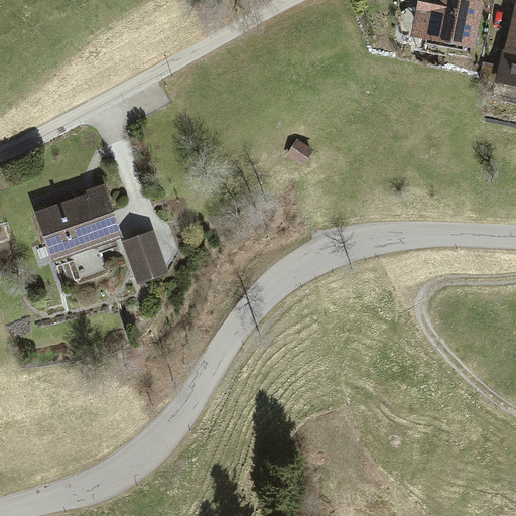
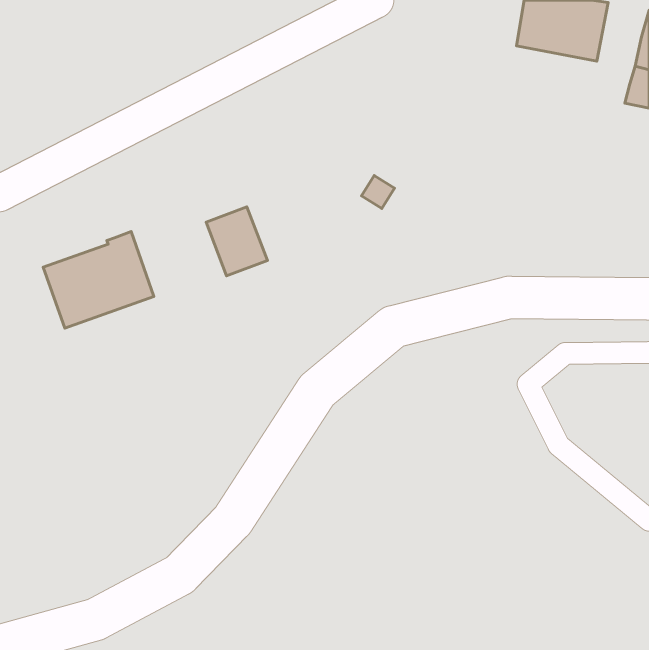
building: [121,229,169,283] -> [206,207,267,276]

